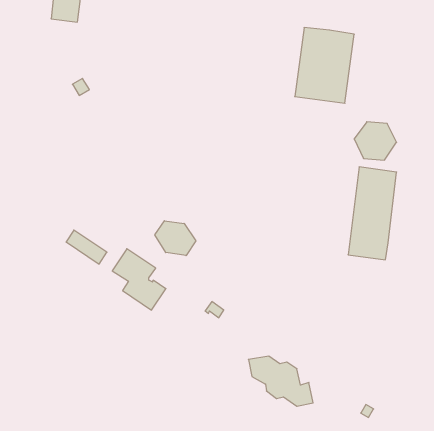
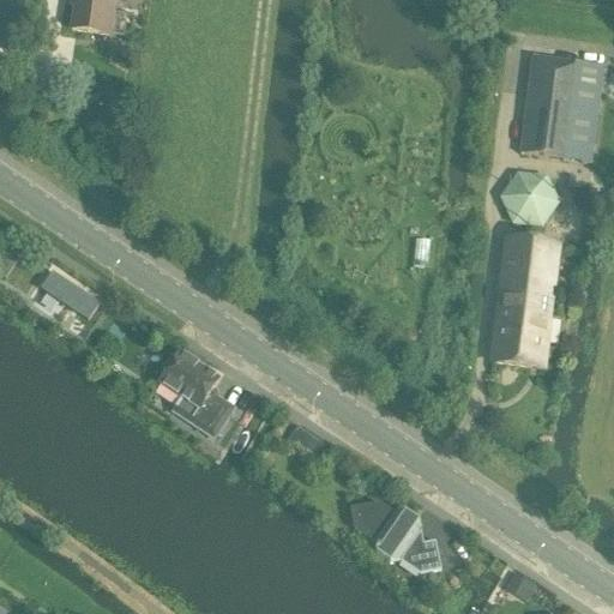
building: [295,28,354,103] -> [520,54,604,161]
building: [155,221,196,256] -> none
building: [66,230,107,264] -> [42,269,100,317]

